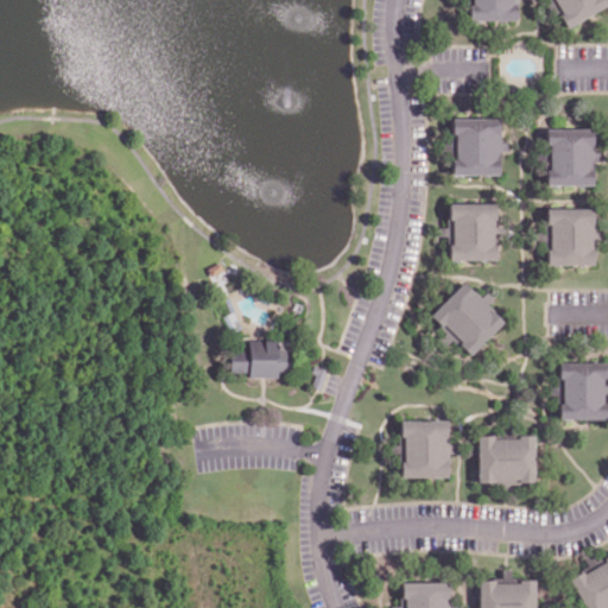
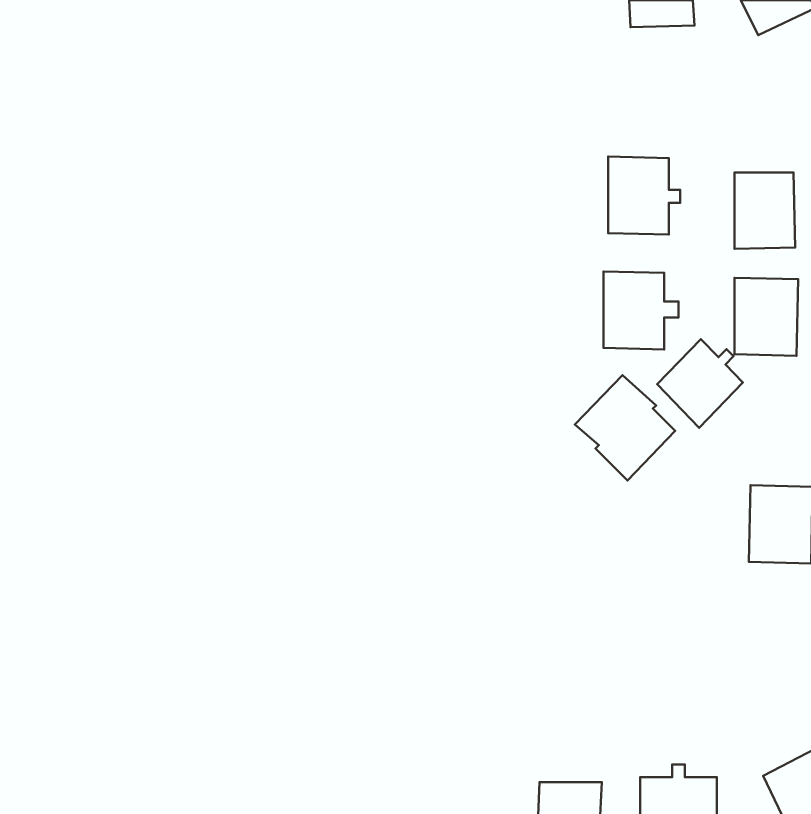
building: none -> [657,339,743,428]
building: [233,341,292,378] -> none
building: [404,420,450,477] -> none
building: [480,437,536,484] -> none

